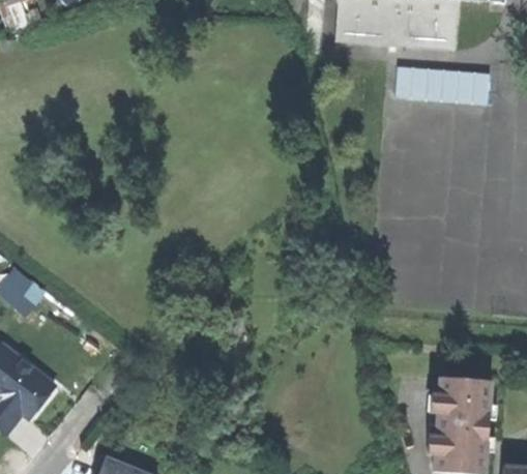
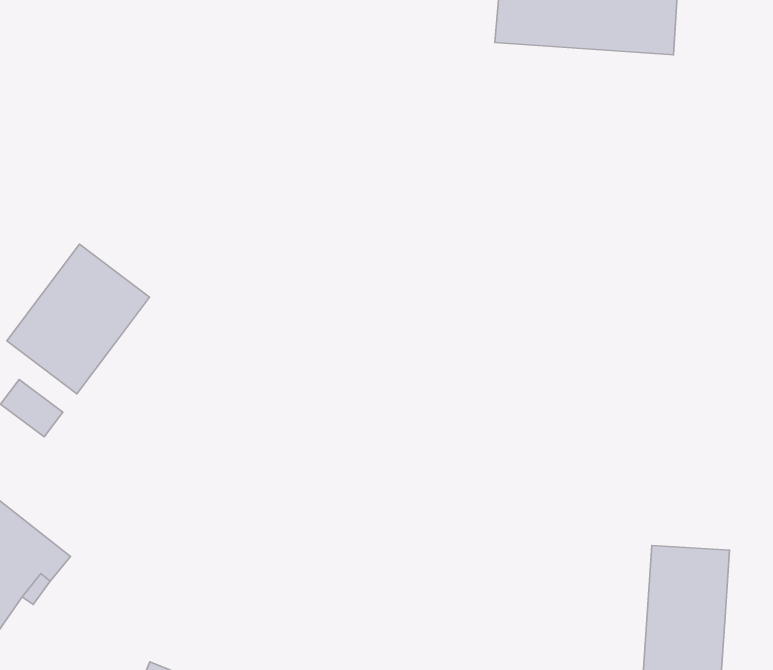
building: [397,63,493,103] -> none
building: none -> [7,244,150,394]

